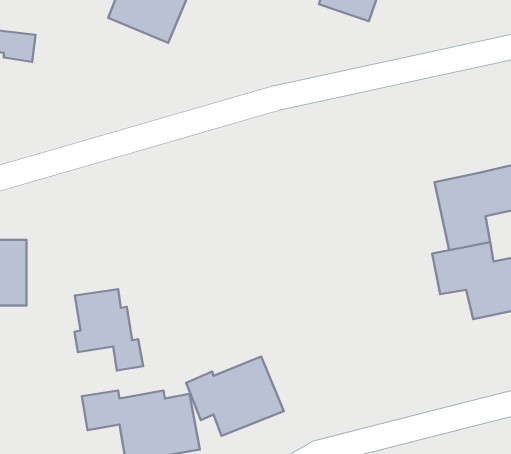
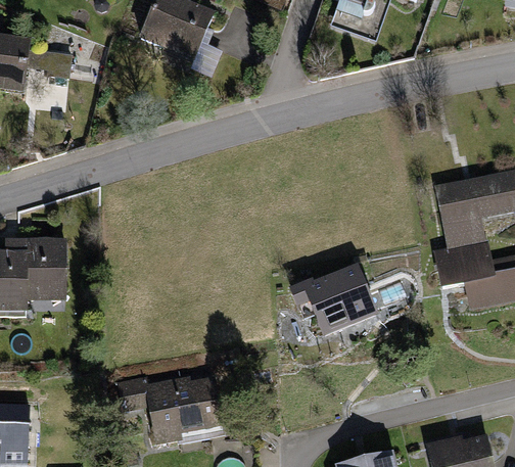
building: [74,289,143,371] -> none
building: [186,357,284,436] -> [288,265,376,336]

